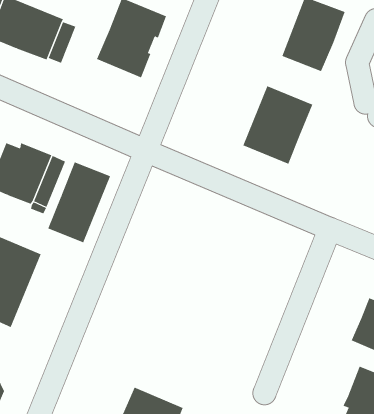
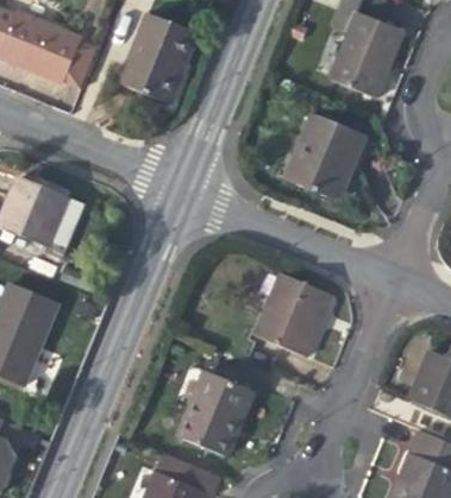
building: [48,162,111,243] -> none
building: none -> [253,273,331,357]
building: none -> [176,371,252,456]

